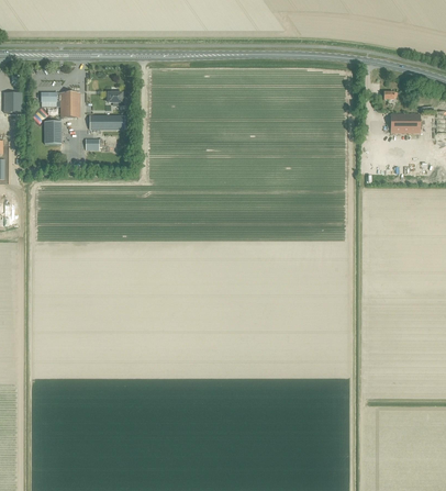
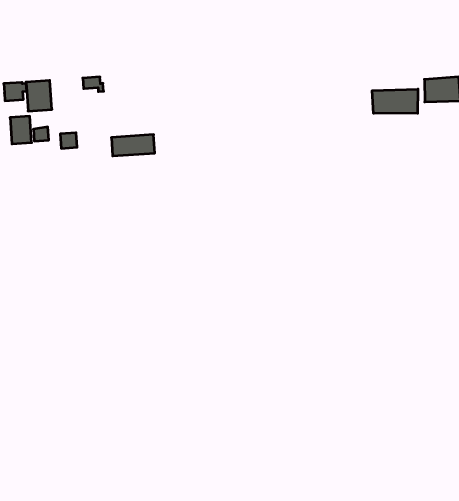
building: [89,114,124,130] -> [111,135,155,156]
building: none -> [372,89,418,113]

